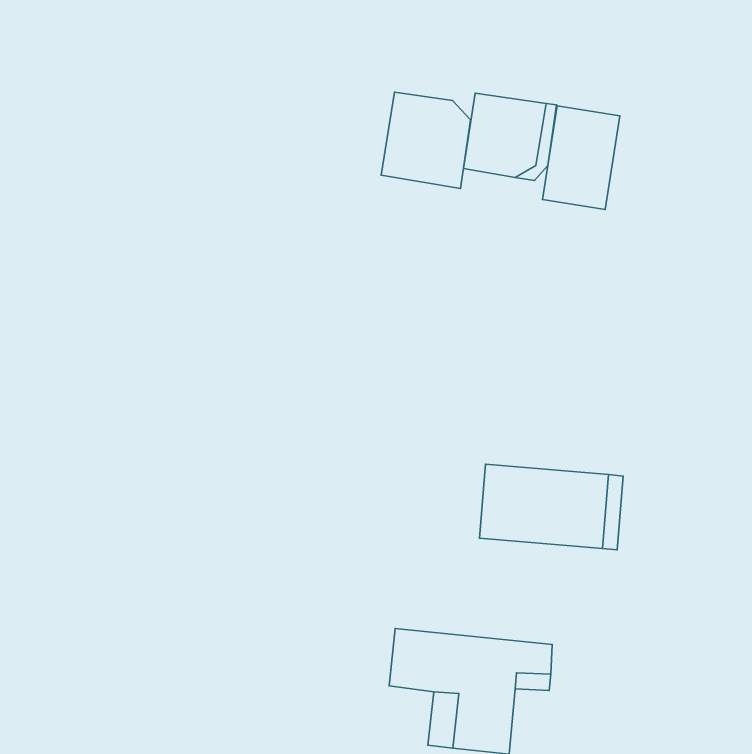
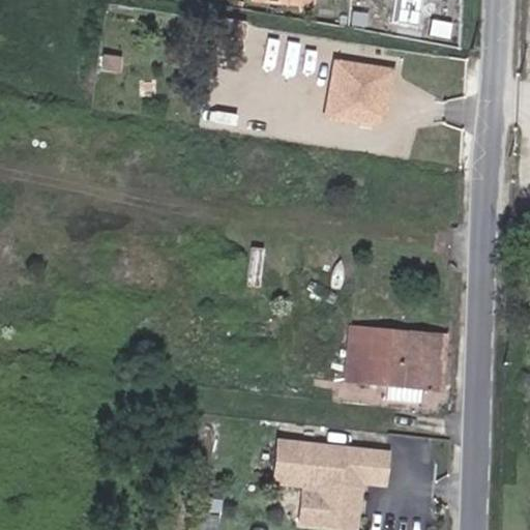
building: [381,92,471,188] -> none
building: [542,106,620,210] -> none

